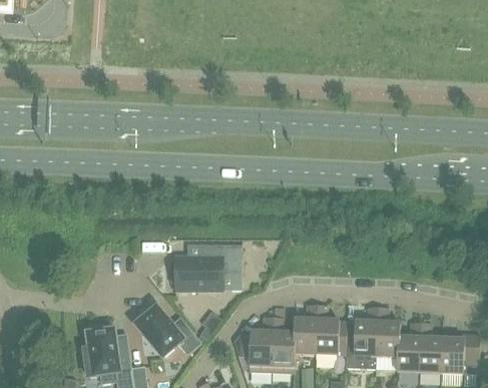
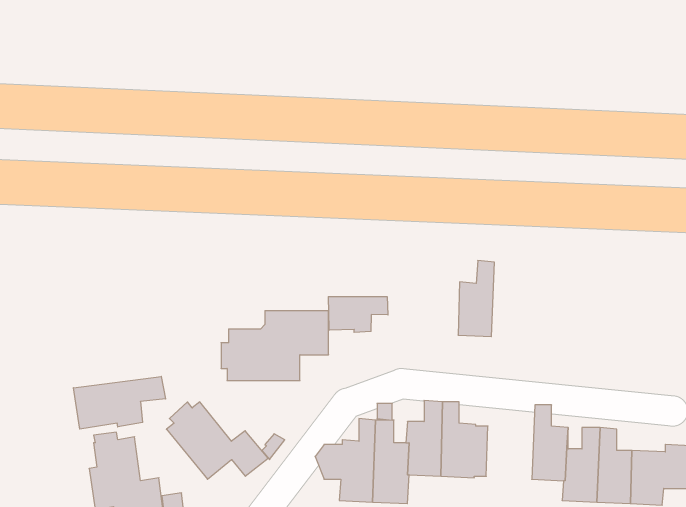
building: none -> [328,297,388,332]
building: none -> [73,376,166,429]
building: [354,307,378,357] -> [458,261,494,337]

